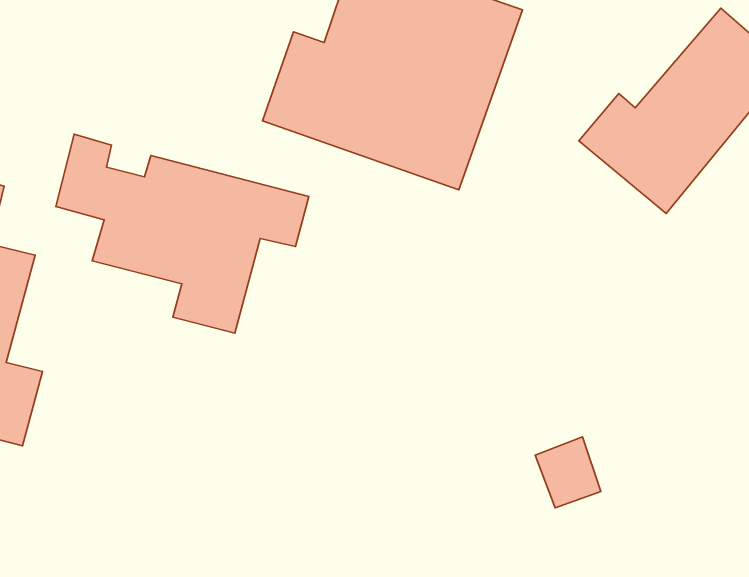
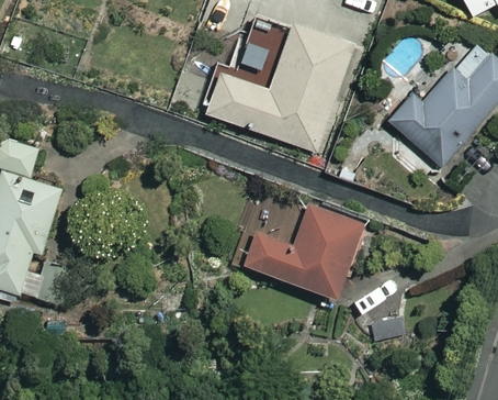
building: [56,134,309,333] -> none
building: none -> [244,207,362,301]

